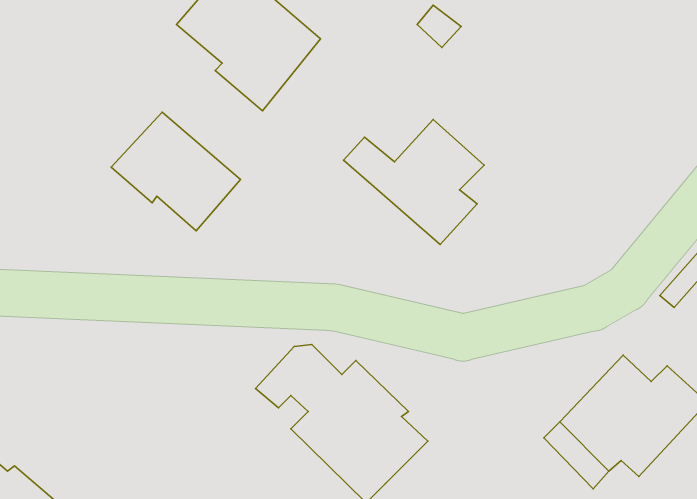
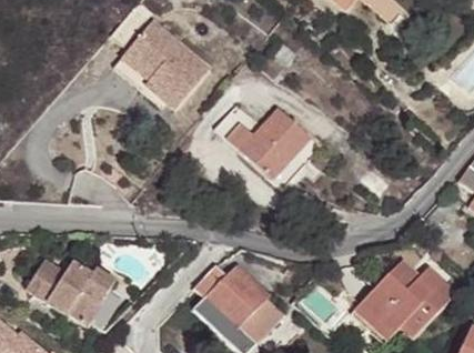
building: [111,112,240,231] -> none
building: none -> [29,261,117,326]

